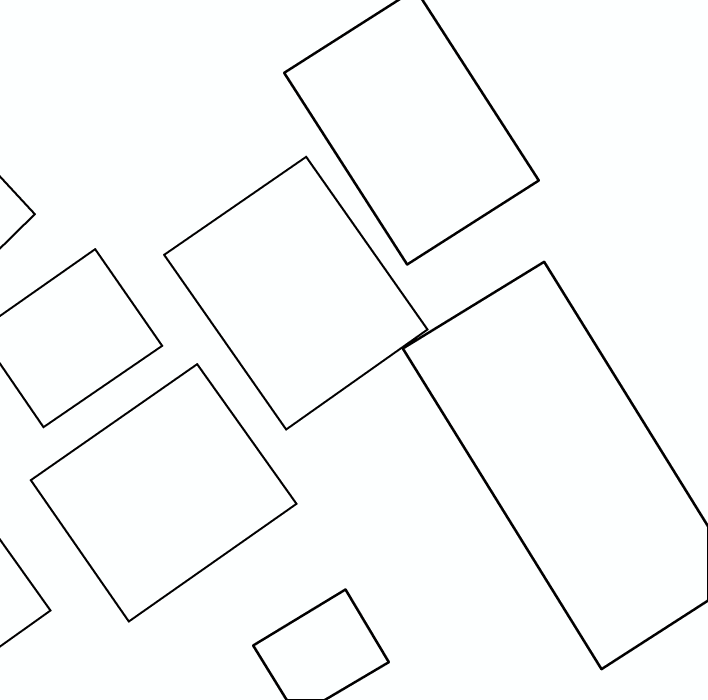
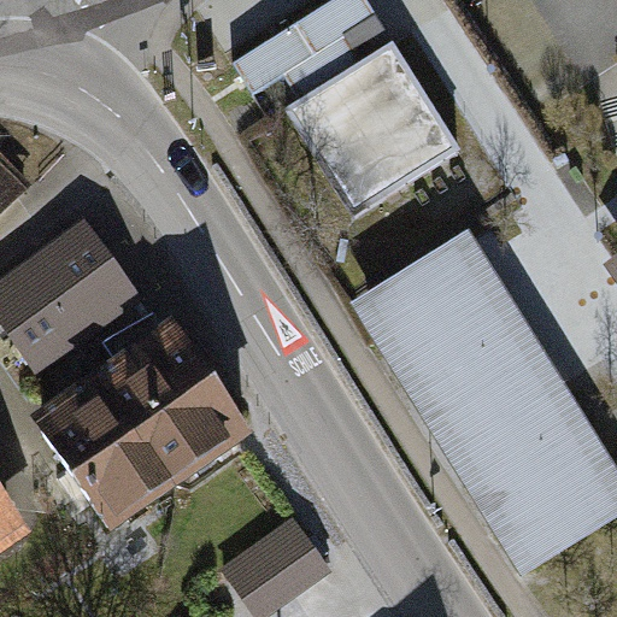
building: [164,157,428,430] -> none

